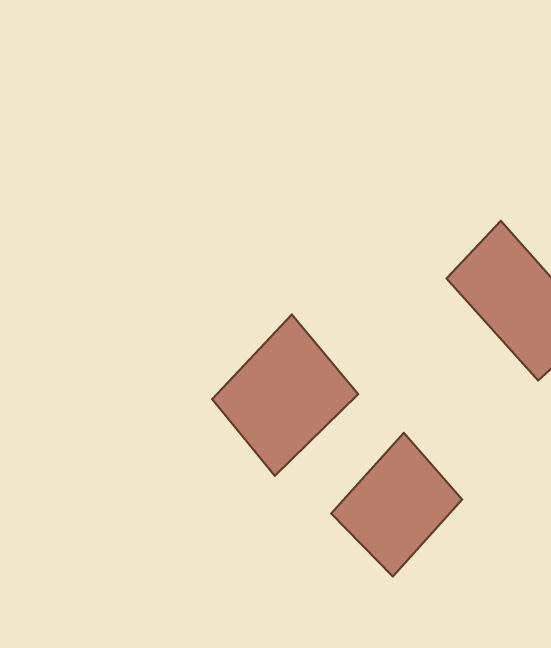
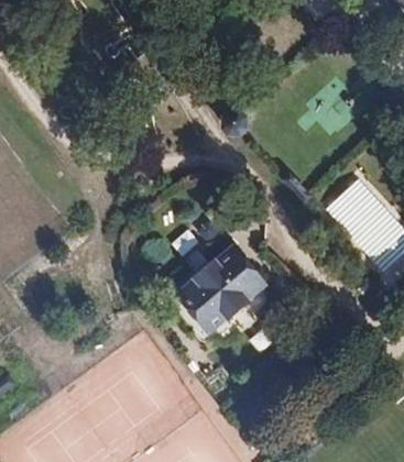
building: [331,433,462,577] -> none

